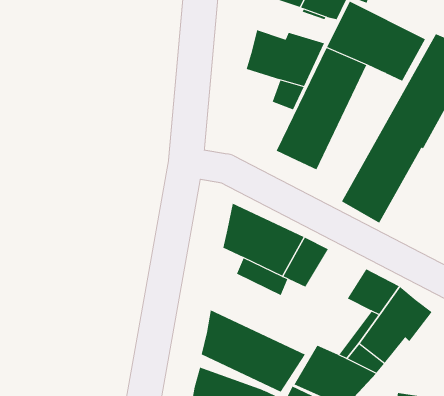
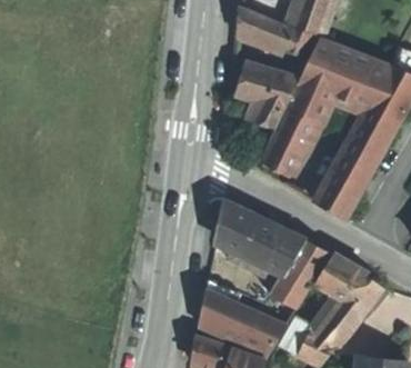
building: none -> [270,239,329,308]

